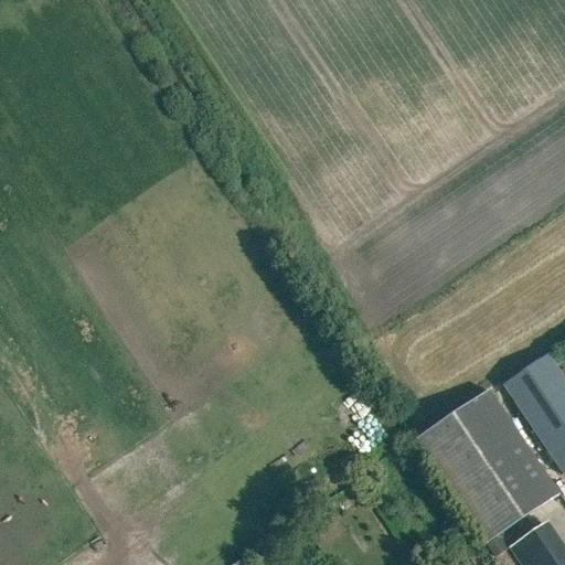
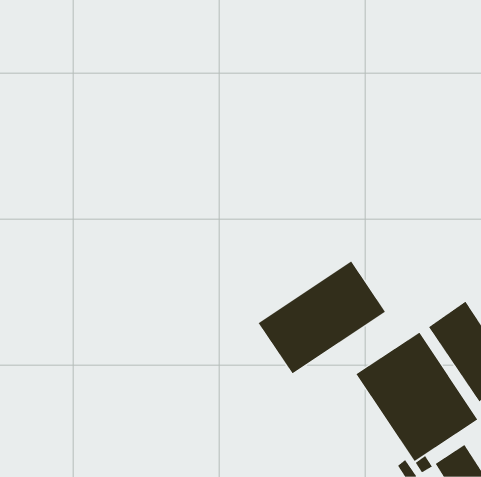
building: none -> [258,261,386,374]

